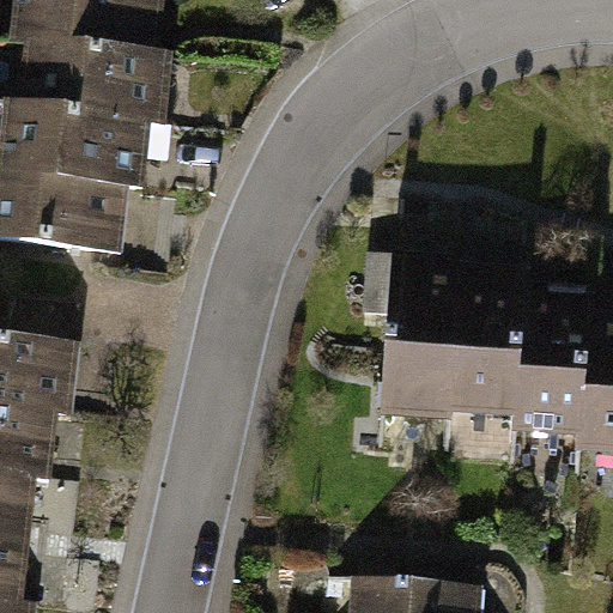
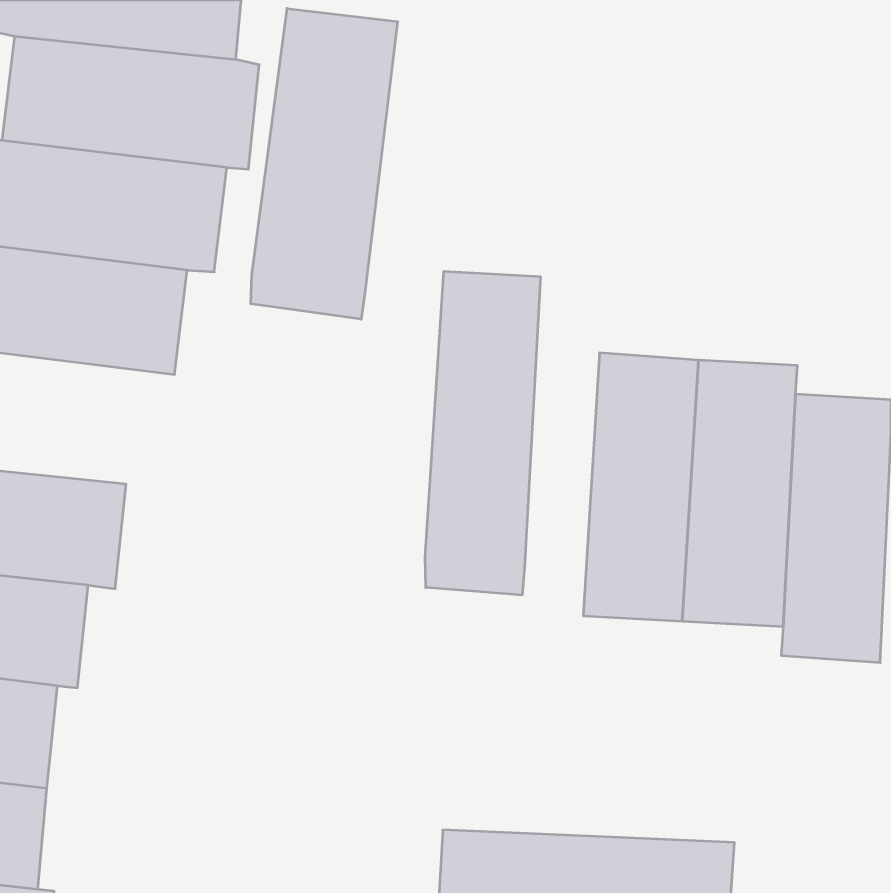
building: none -> [251,8,398,319]
building: none -> [425,271,540,595]

